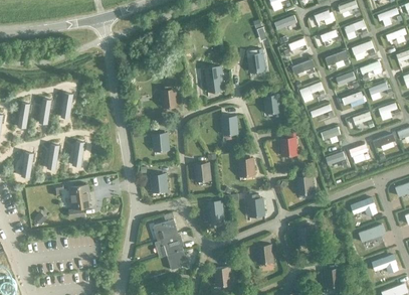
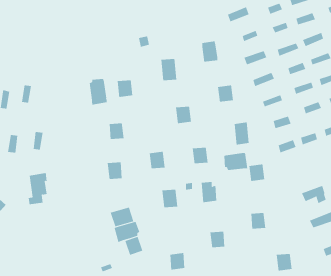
building: none -> [89,78,107,106]
building: none -> [224,152,248,171]

